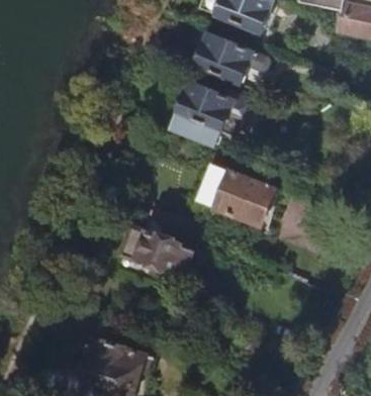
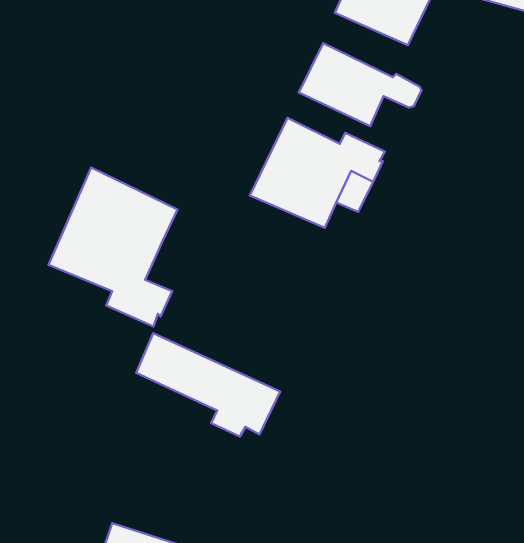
building: none -> [48,167,177,326]
building: [193,163,276,227] -> none

